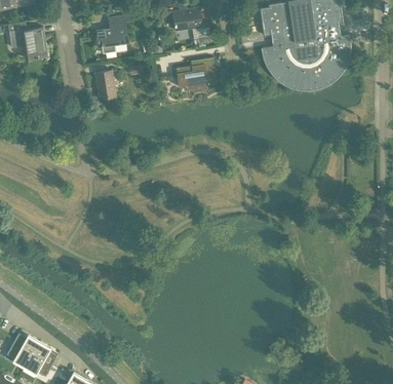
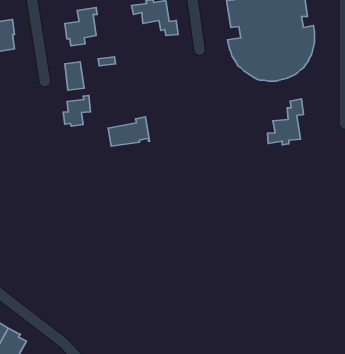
building: [175,57,218,87] -> [108,117,150,146]
building: none -> [63,95,91,126]
building: none -> [267,99,304,145]

